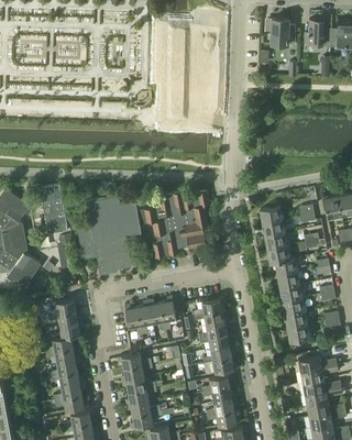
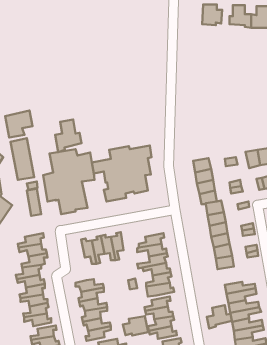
building: none -> [5,111,32,138]
building: none -> [55,120,81,152]
building: none -> [207,305,232,329]
building: none -> [123,316,148,336]

